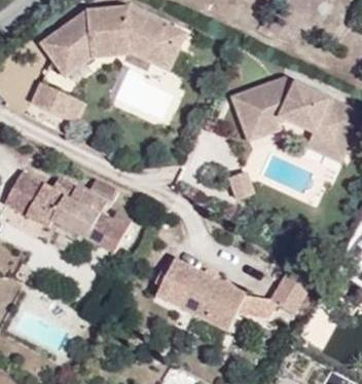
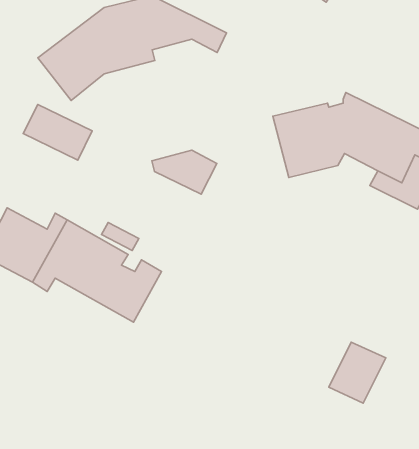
building: [128,33,178,67] -> [152,150,217,194]
building: [149,260,243,334] -> none

